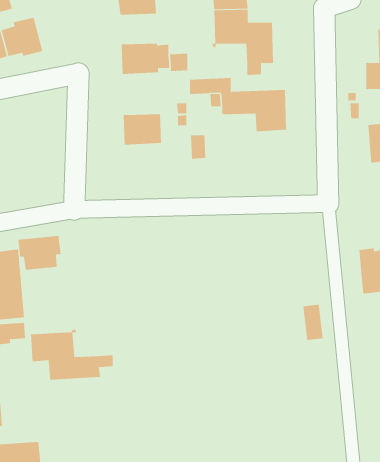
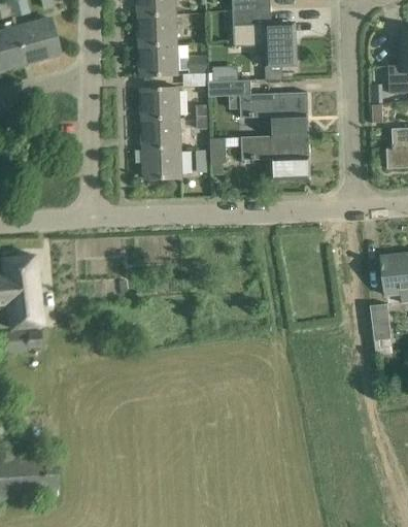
building: none -> [138,14,177,45]
building: none -> [140,87,180,118]
building: none -> [242,133,311,182]
building: none -> [142,146,182,178]
building: [18,235,61,270] -> none
building: [302,304,324,341] -> [370,303,392,340]
building: [31,329,113,380] -> none

